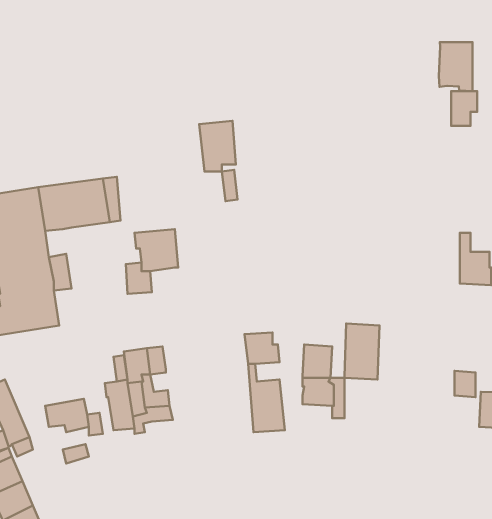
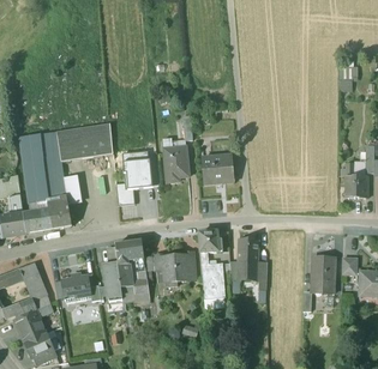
building: [439,42,473,91] -> none
building: [199,121,236,171] -> [163,146,188,181]
building: none -> [202,155,233,183]
building: [344,324,379,380] -> [311,255,335,294]
building: none -> [163,254,194,282]

